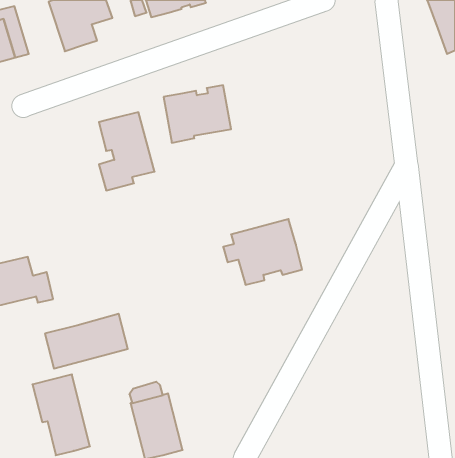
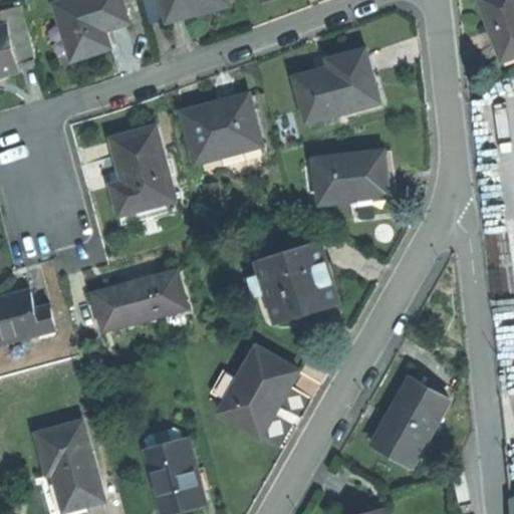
building: none -> [297,48,379,120]
building: none -> [315,151,389,203]
building: none -> [219,347,298,433]
building: [45,314,128,369] -> [93,271,186,332]
building: none -> [370,379,447,468]

